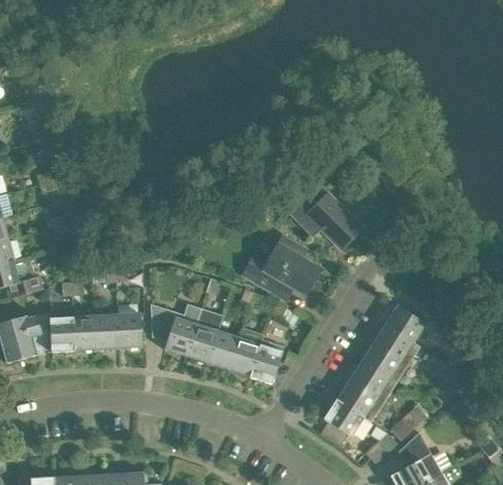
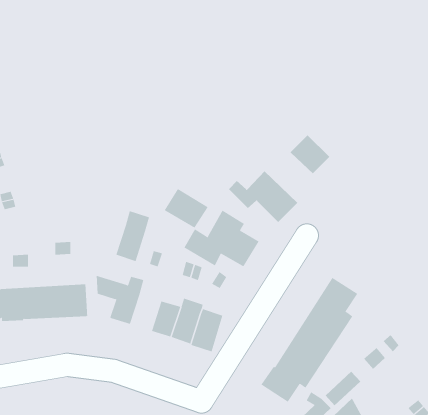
building: none -> [290,135,330,174]
building: none -> [164,188,208,229]
building: [186,308,222,362] -> [115,210,150,262]

